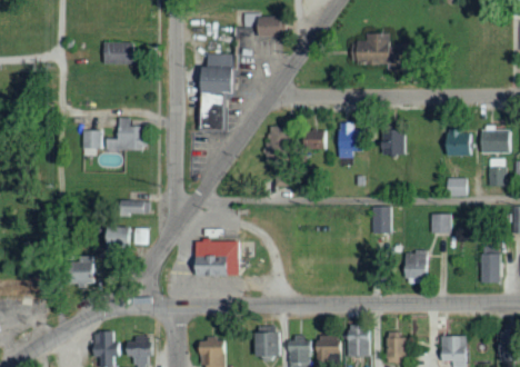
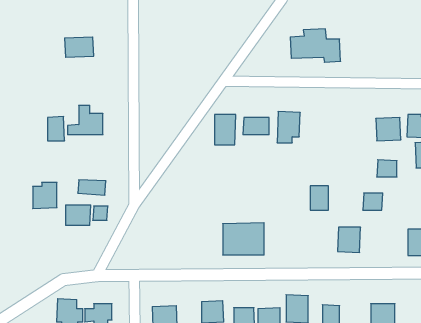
building: [246,13,279,37] -> none
building: [200,53,233,130] -> none
building: [380,131,406,156] -> none
building: [193,241,239,277] -> [223,223,264,255]
building: [69,257,96,286] -> [33,182,57,209]

